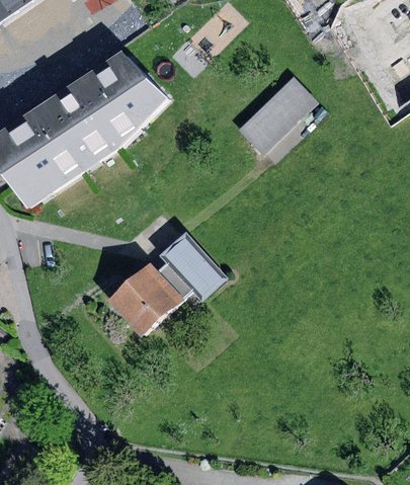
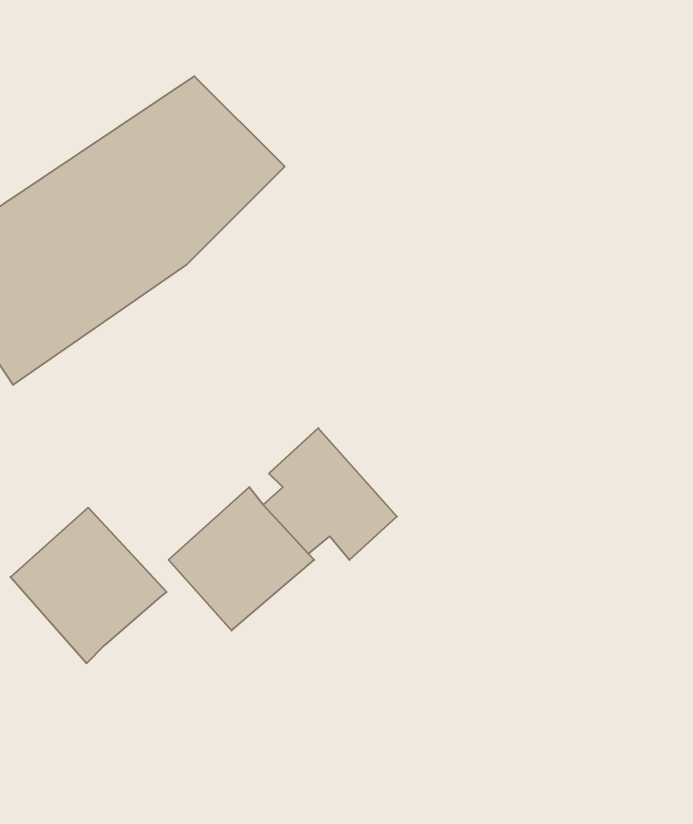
building: [240,78,318,156] -> none
building: none -> [10,508,167,663]

